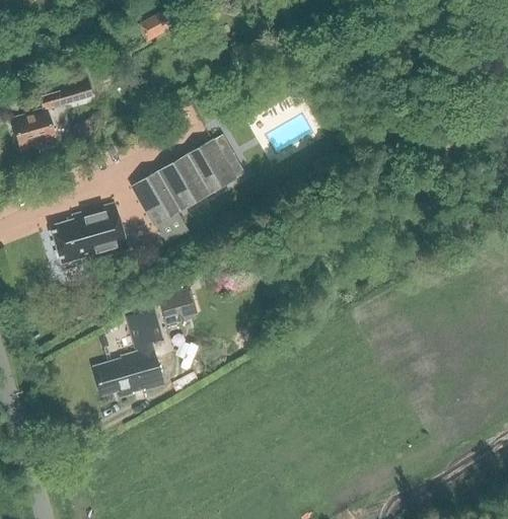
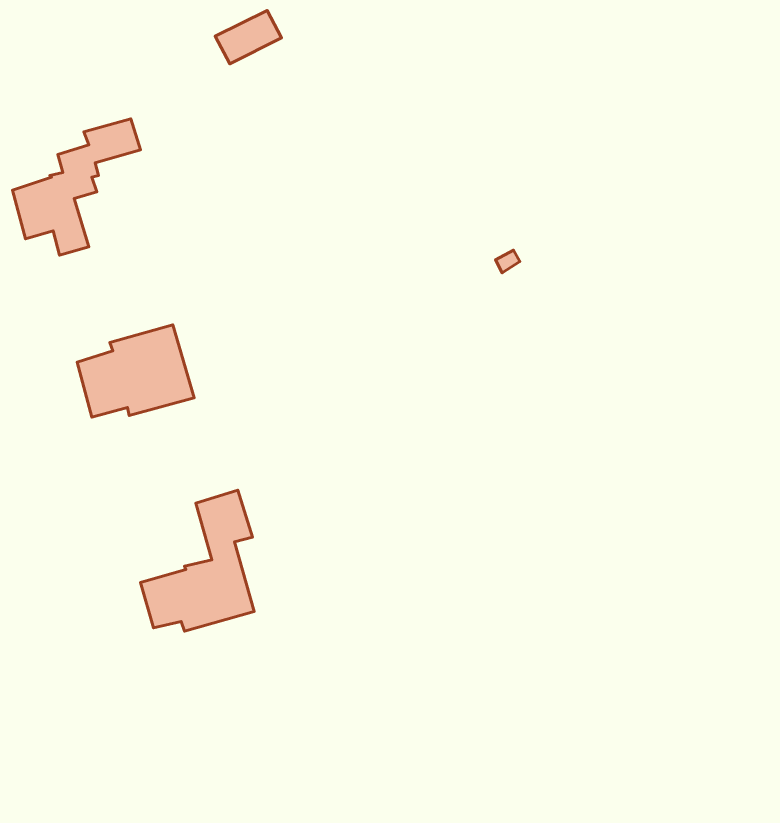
building: [132,137,239,226] -> none
building: [162,293,196,323] -> none

